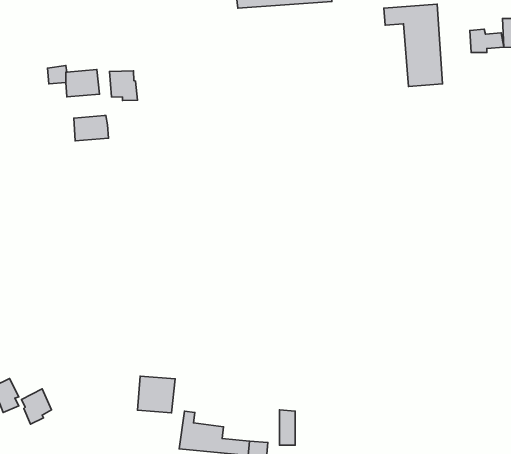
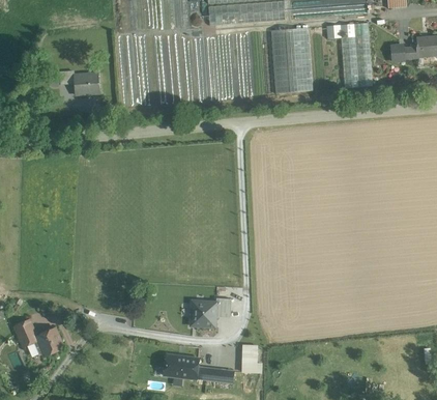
building: none -> [270,27,312,93]
building: [110,71,137,100] -> none
building: [74,115,109,141] -> none
building: [137,376,175,413] -> [187,301,217,330]

